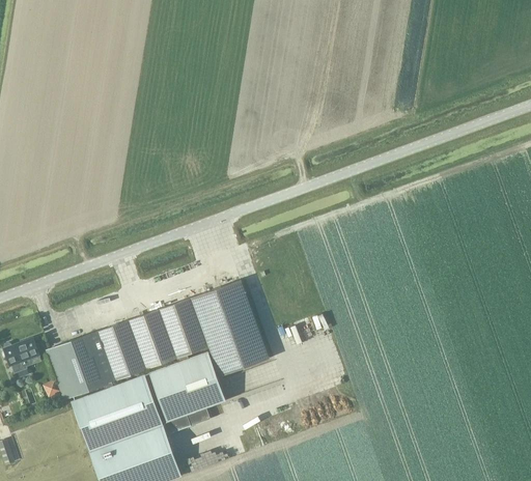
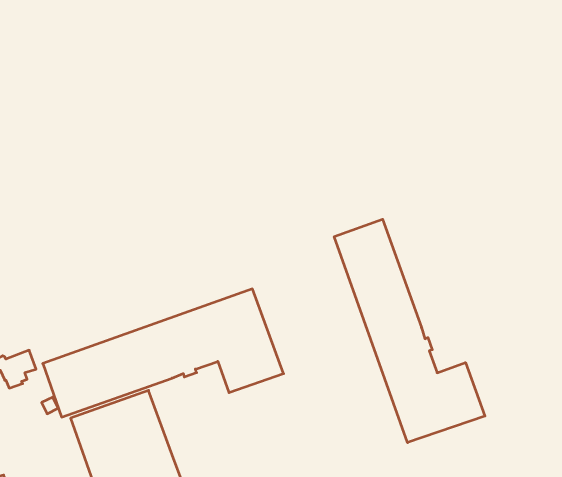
building: none -> [334,219,485,443]
building: [149,351,225,427] -> none

